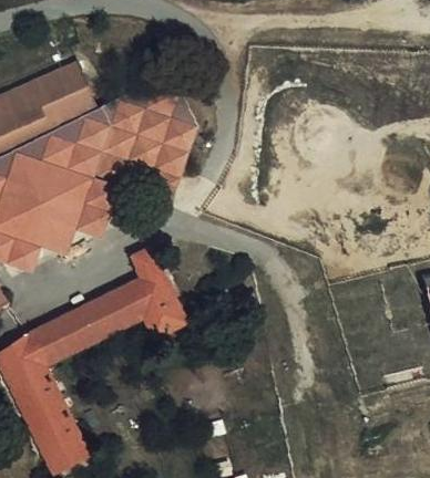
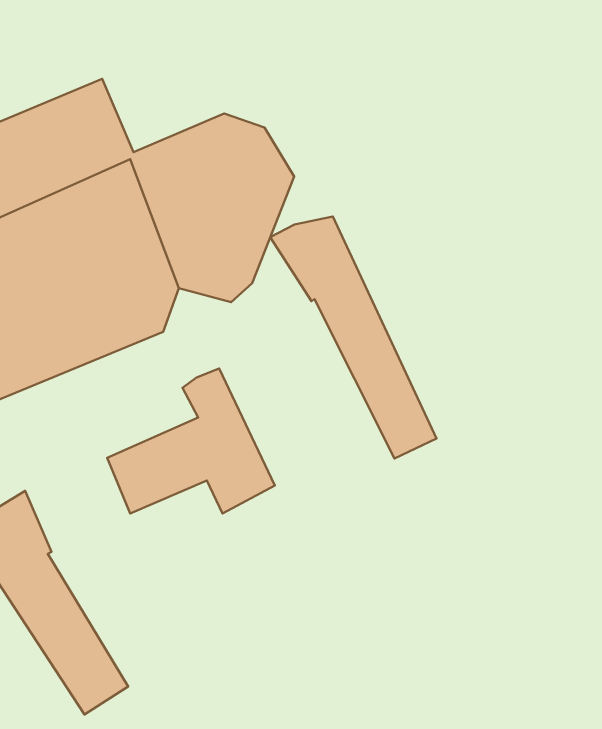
building: none -> [270,216,436,459]
building: [29,305,95,365] -> none

